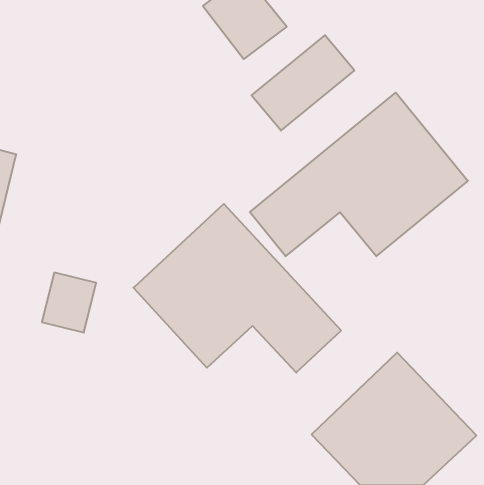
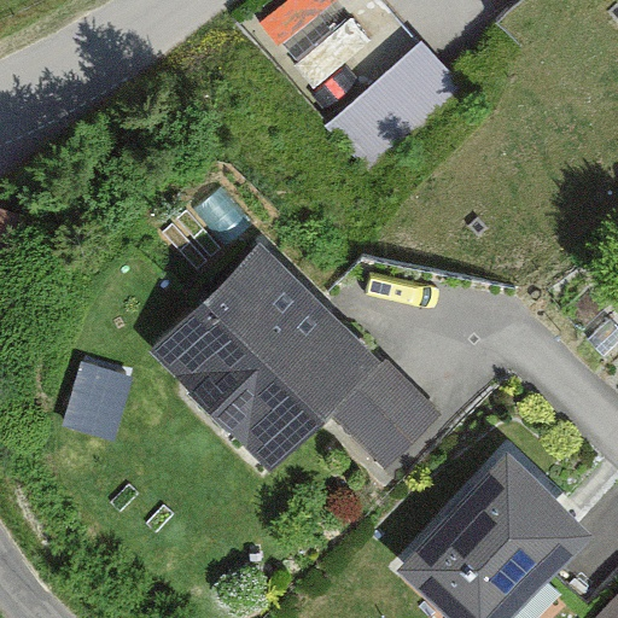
building: [250,93,468,256] -> none

